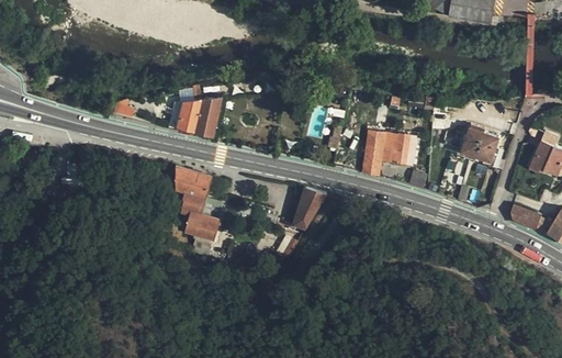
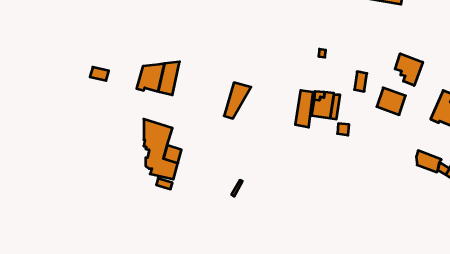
building: none -> [395,54,423,86]
building: [293,187,326,231] -> [224,83,251,118]

